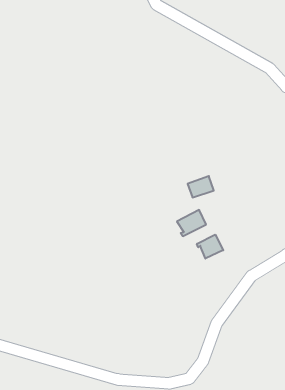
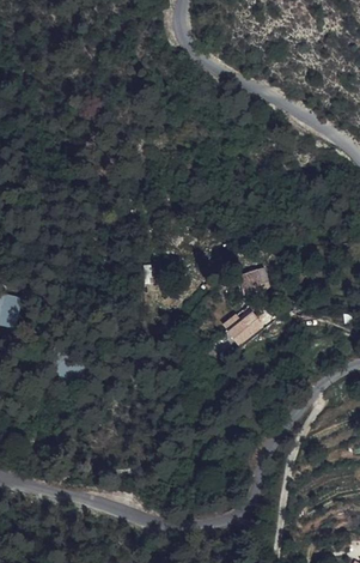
building: [197,235,223,259] -> none

